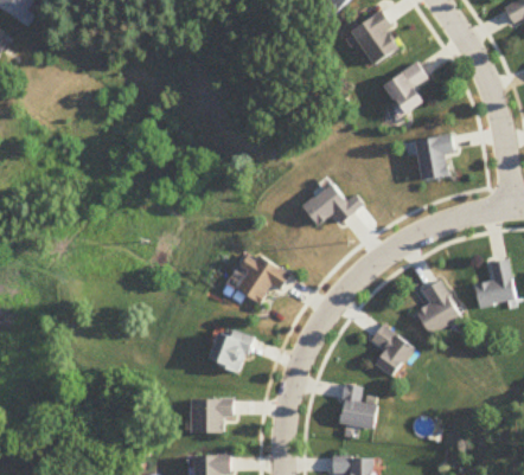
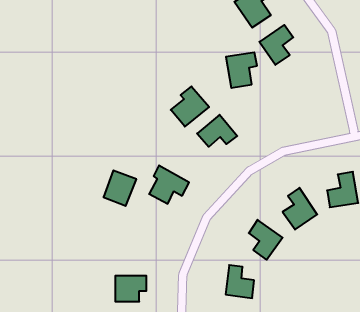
building: [413,135,454,182] -> [226,52,257,88]
building: none -> [171,86,209,127]
building: [207,325,251,372] -> [103,170,136,206]

